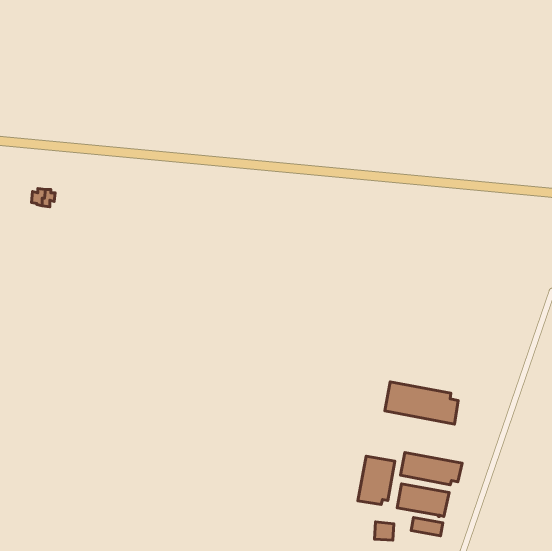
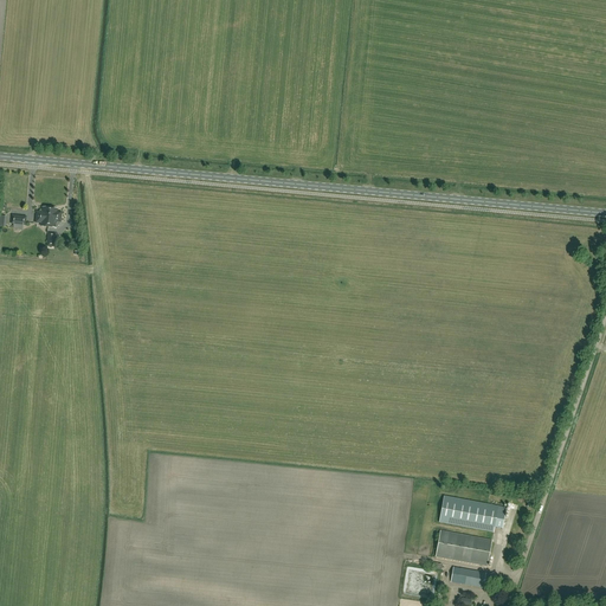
building: [385,382,458,424] -> none
building: [358,456,395,505] -> none

